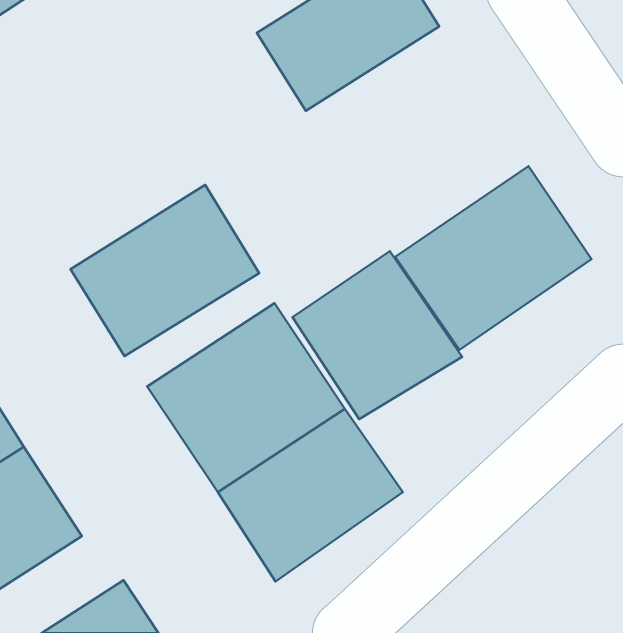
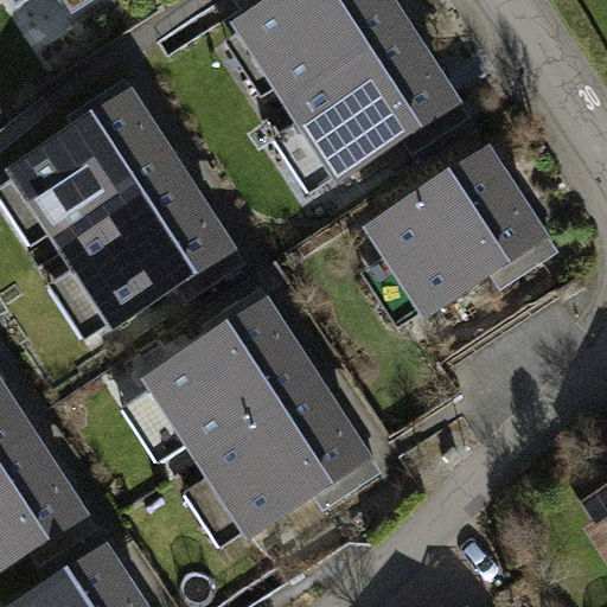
building: none -> [288,25,471,193]
building: none -> [19,78,193,254]
building: [293,251,462,419] -> none

